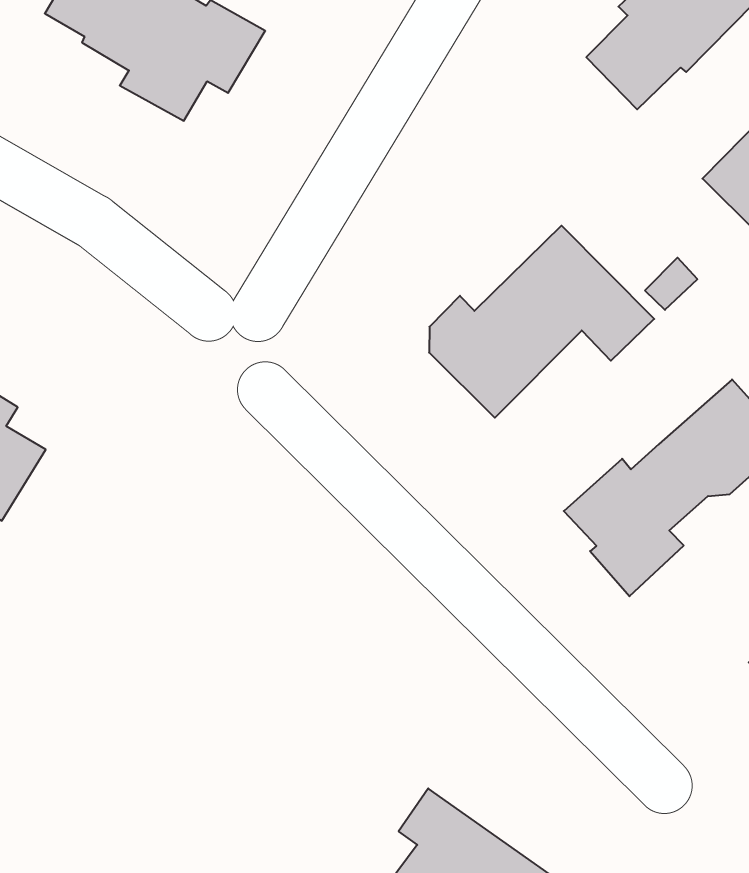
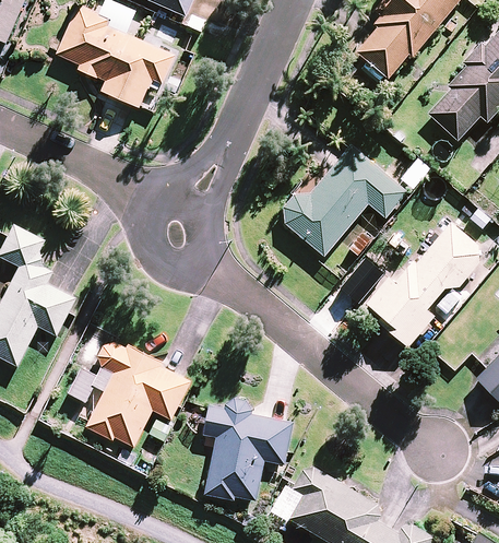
building: none -> [69,333,190,446]
building: none -> [202,399,292,500]

